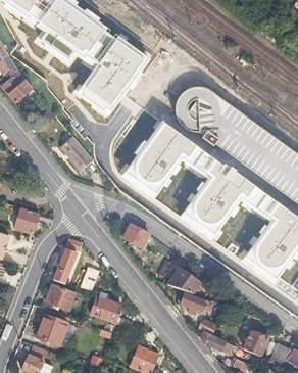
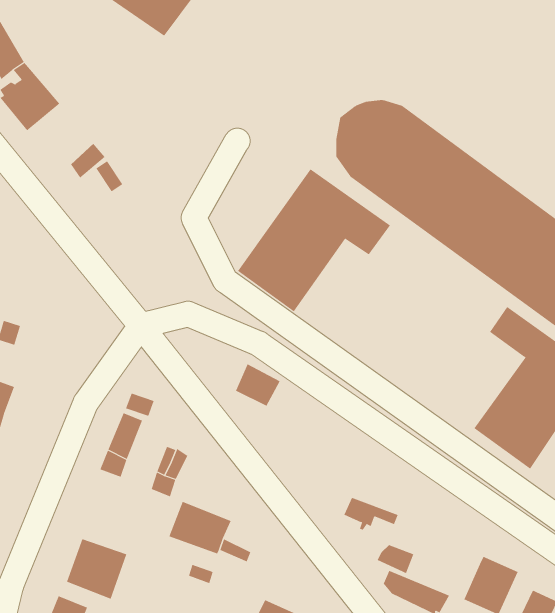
building: [83,42,141,105] -> none
building: [59,137,92,171] -> none
building: [184,152,264,234] -> none
building: [15,207,39,233] -> none
building: [164,266,197,292] -> none
building: [45,284,74,311] -> none

